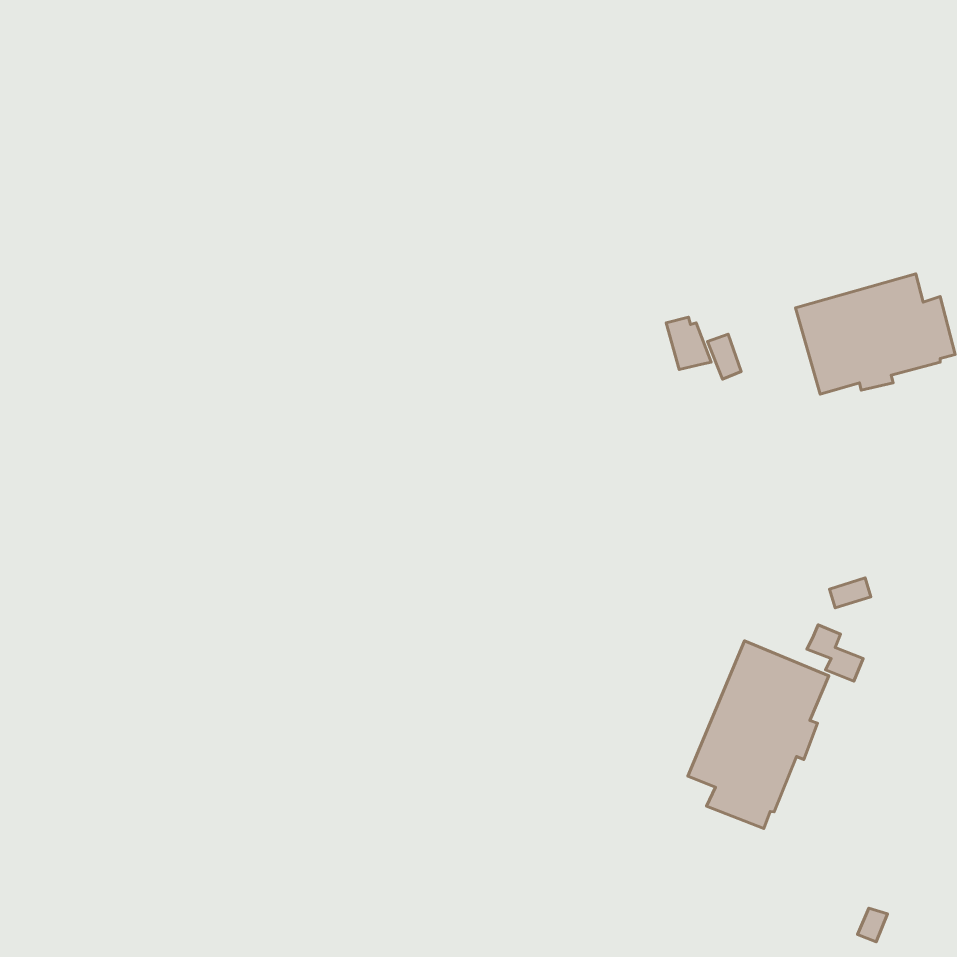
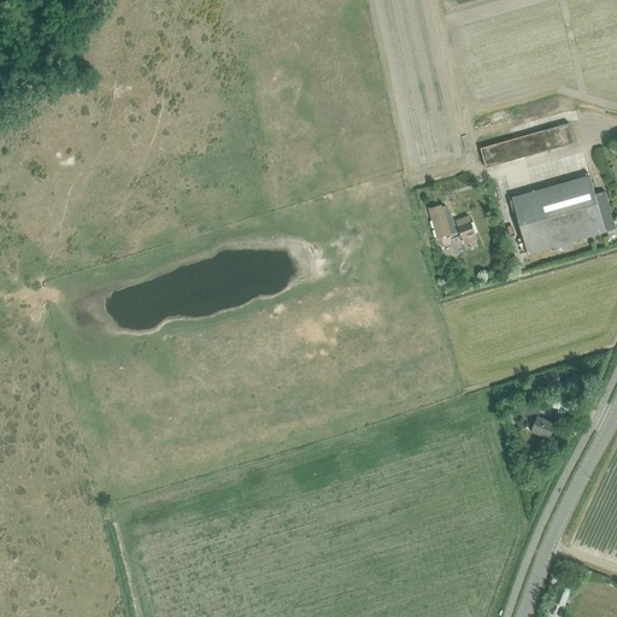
building: none -> [480,122,574,168]
building: [688,641,829,828] -> none

